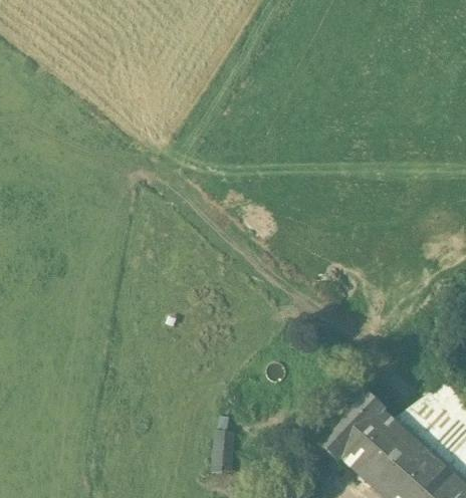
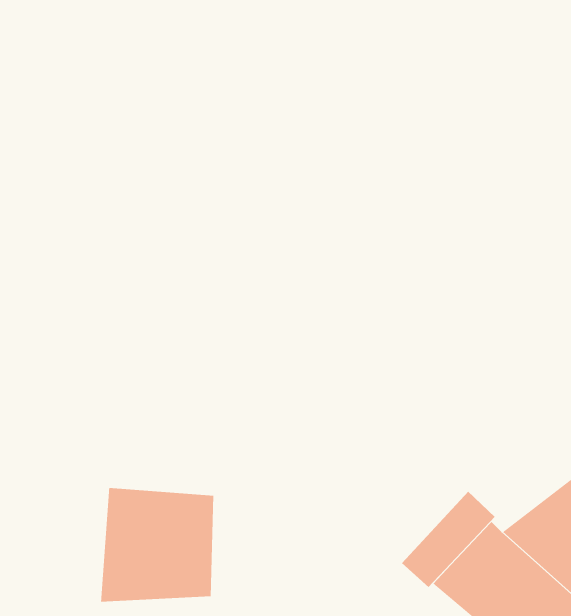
building: none -> [100,487,214,603]
building: [213,432,235,474] -> none

